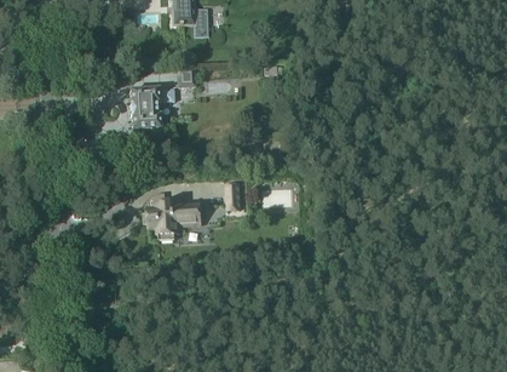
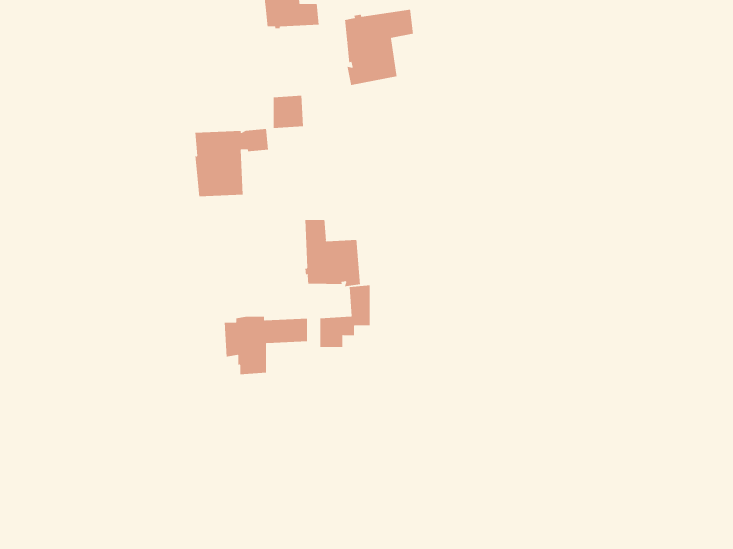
building: none -> [345,9,413,86]
building: none -> [305,219,360,287]

